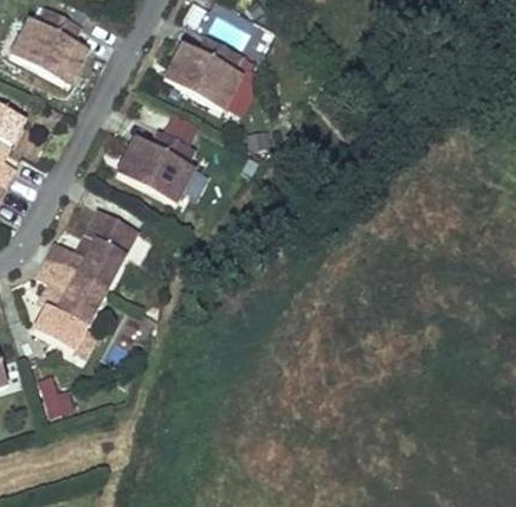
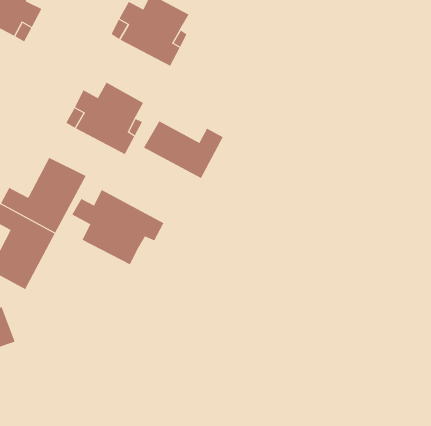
building: none -> [143,121,224,179]
building: none -> [71,189,164,265]

